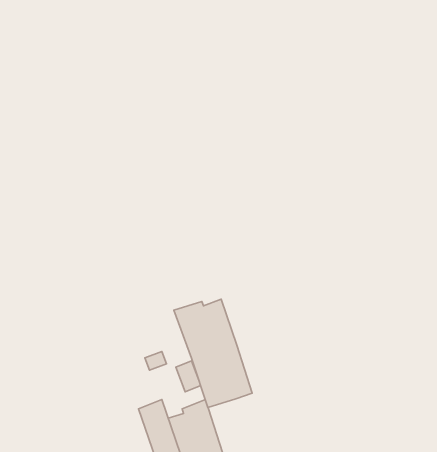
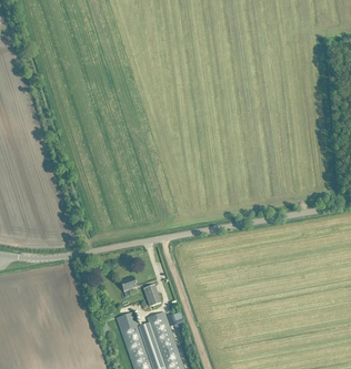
building: [174,299,252,407] -> none

